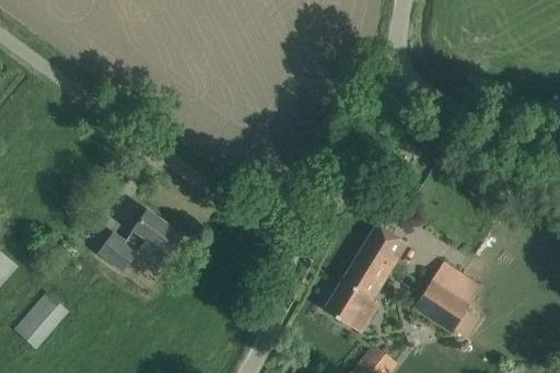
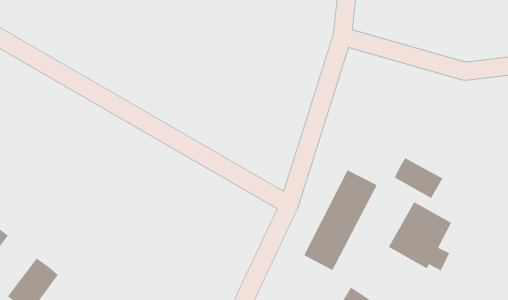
building: [97,209,182,270] -> none
building: none -> [394,157,443,199]

